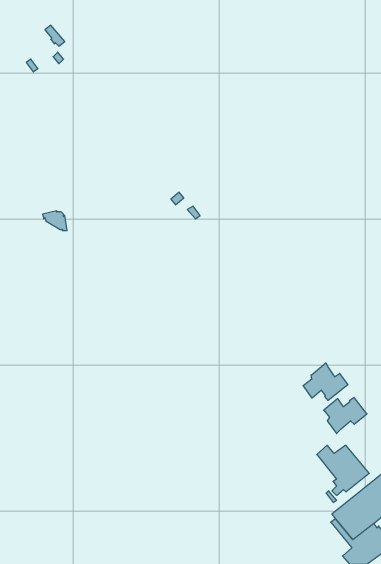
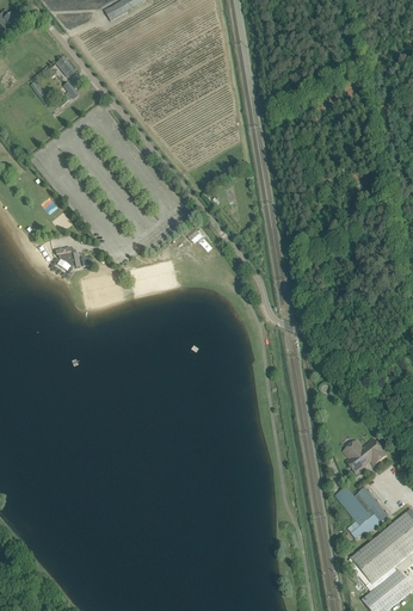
building: [303,363,348,400] -> none

